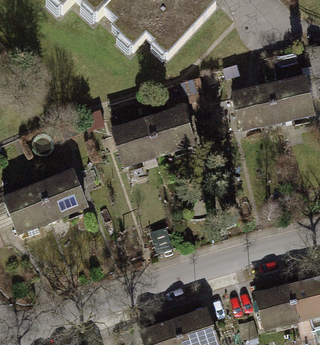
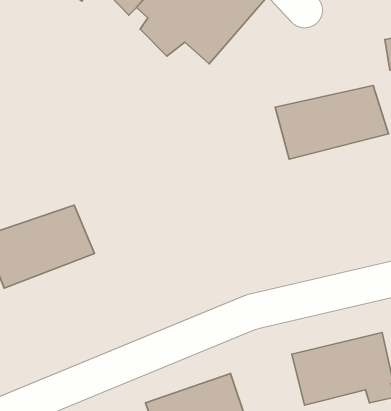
building: [108,106,193,169] -> none

